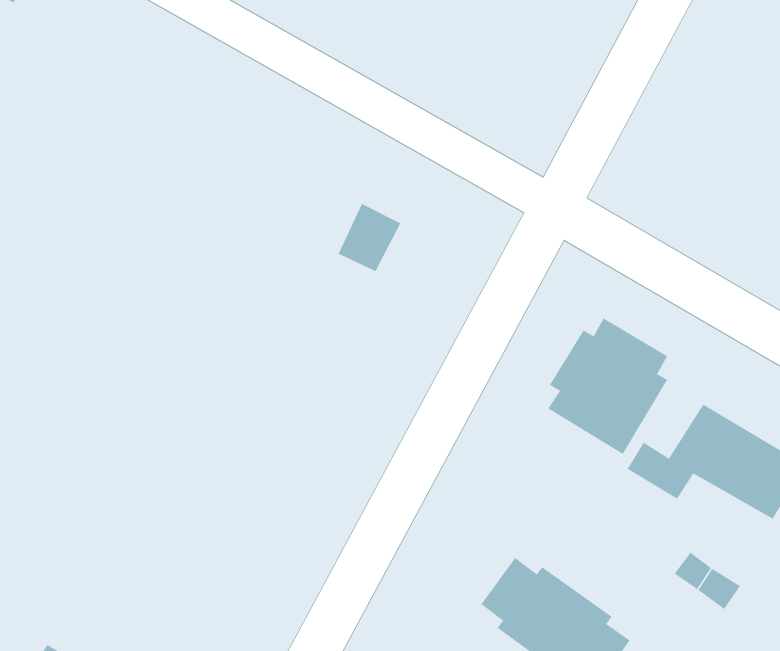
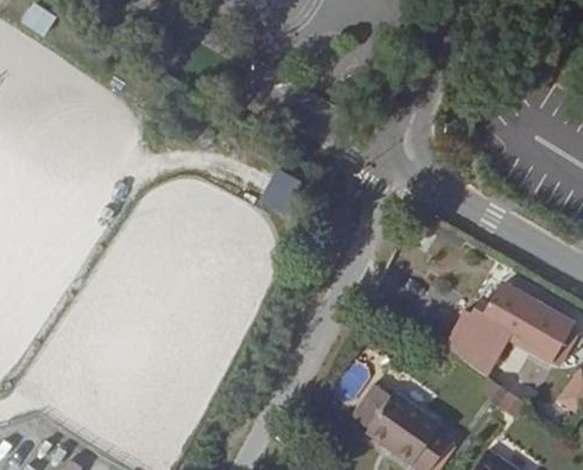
building: [547,318,668,455] -> none

